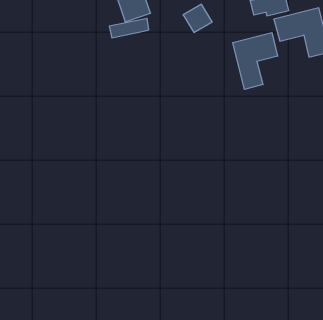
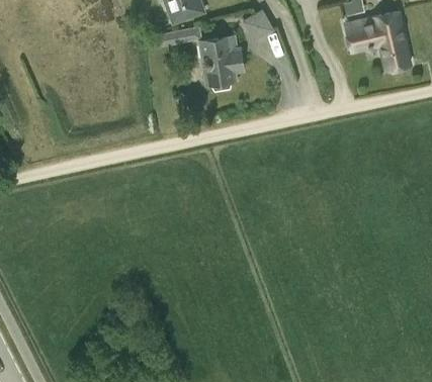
building: none -> [199,35,243,89]
building: [233,33,277,89] -> none

